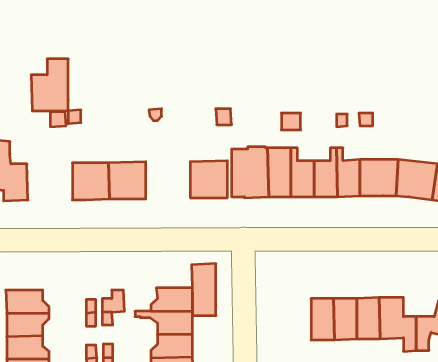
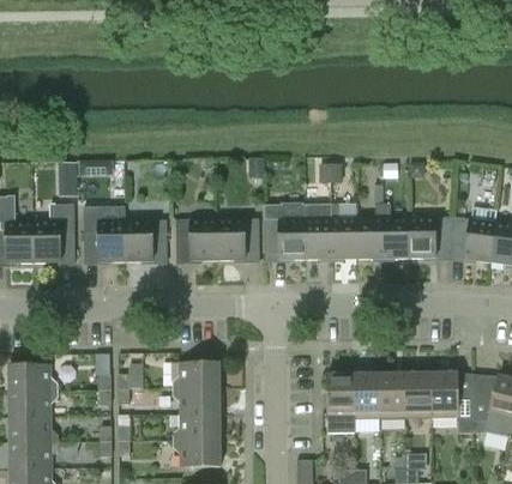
building: [31,59,68,111] -> [32,204,74,262]
building: none -> [175,219,217,261]
building: [192,264,216,316] -> [326,374,354,432]

